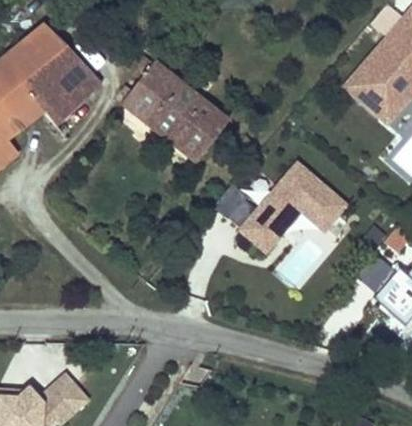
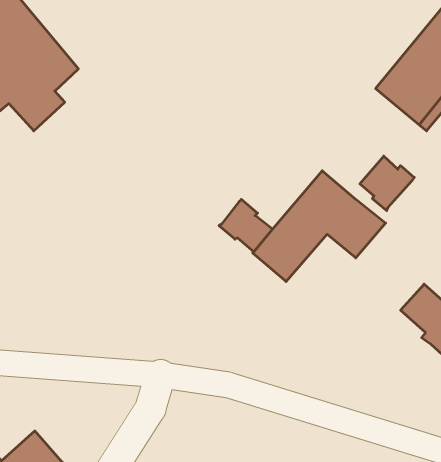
building: [120,52,227,160] -> none
building: none -> [360,156,414,211]

